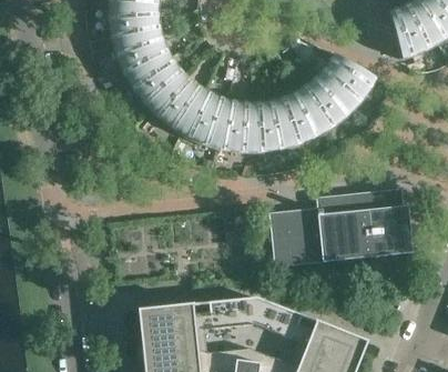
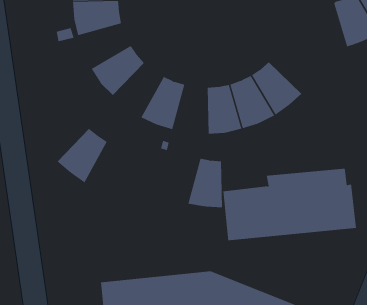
building: [114,33,172,82] -> none
building: [319,53,378,109] -> none
building: [152,76,206,134] -> [57,128,108,183]
building: [216,99,254,152] -> [188,158,223,208]

